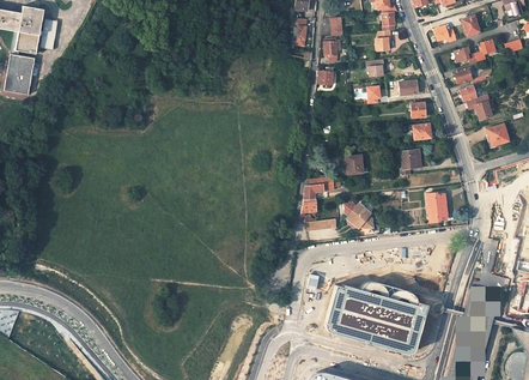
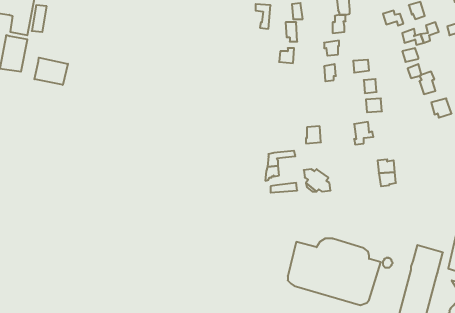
building: none -> [34,58,68,85]

